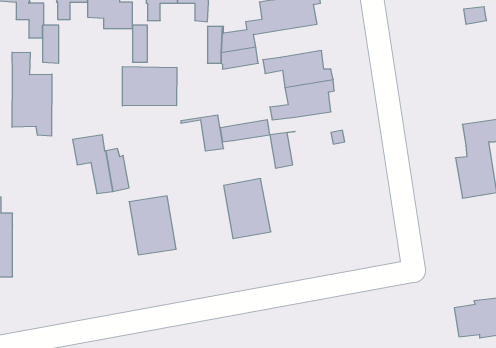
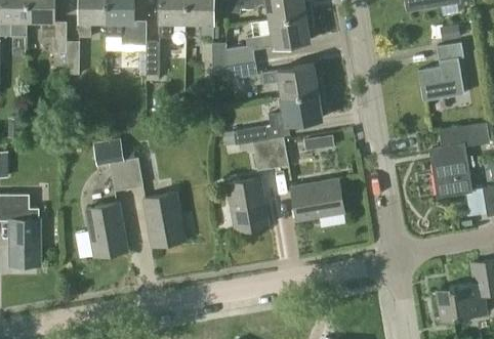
building: none -> [418,42,463,100]
building: [12,52,52,136] -> none
building: [122,67,177,106] -> none
building: [181,115,224,151] -> [235,139,273,171]
building: none -> [291,179,343,220]
building: none -> [74,204,127,259]

